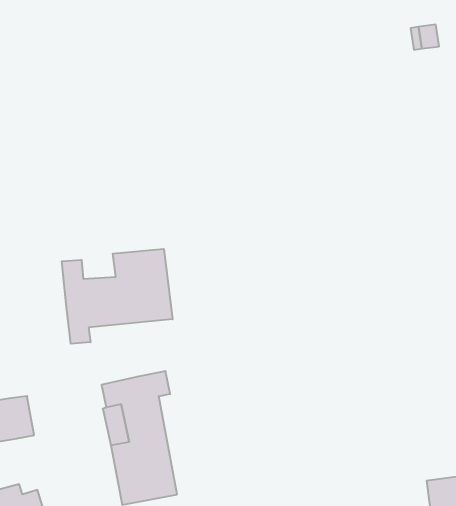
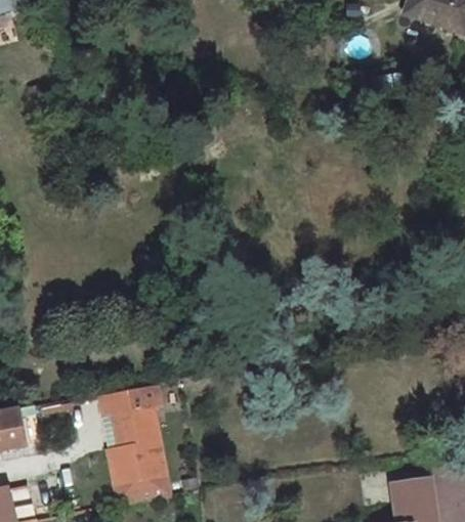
building: [62,249,173,344] -> none

